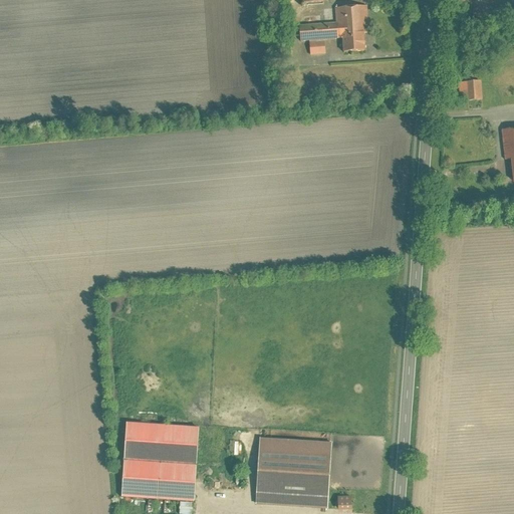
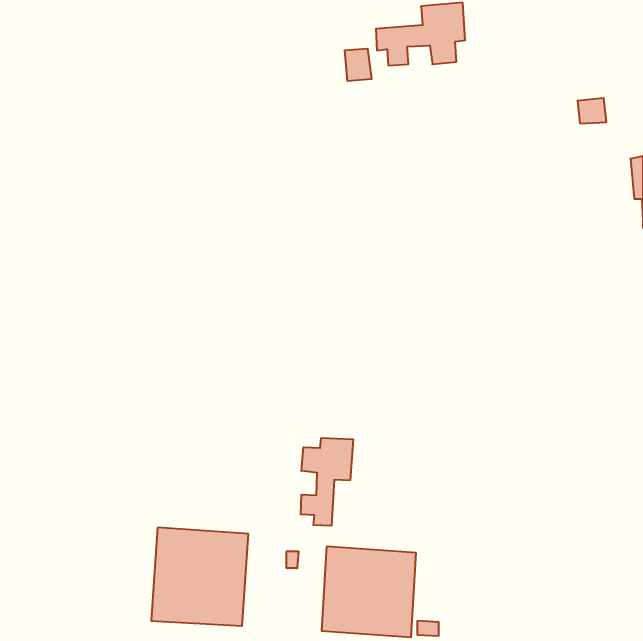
building: none -> [345,49,372,81]
building: none -> [301,438,353,526]

